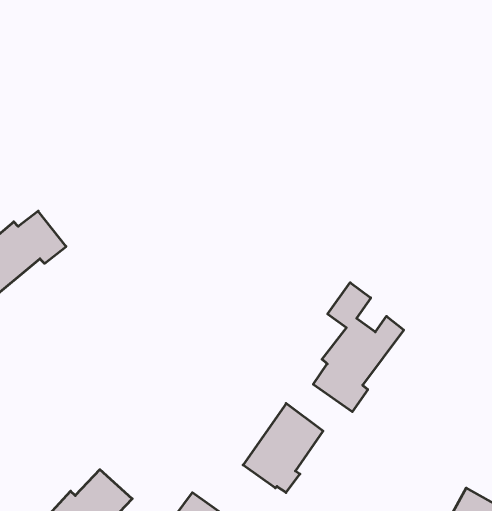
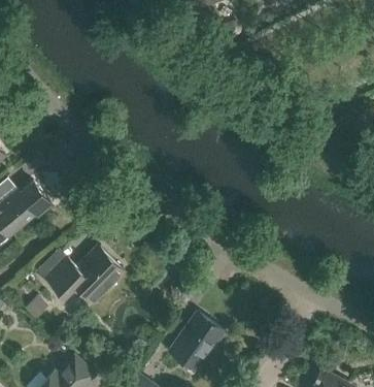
building: [313,283,404,412] -> none
building: none -> [47,245,124,299]

